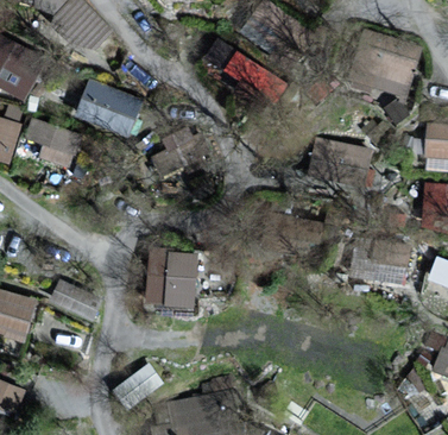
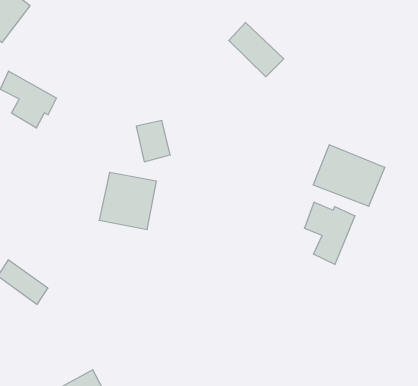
building: [80,82,140,133] -> none
building: none -> [304,202,355,265]
building: [151,258,195,302] -> [99,172,156,229]

